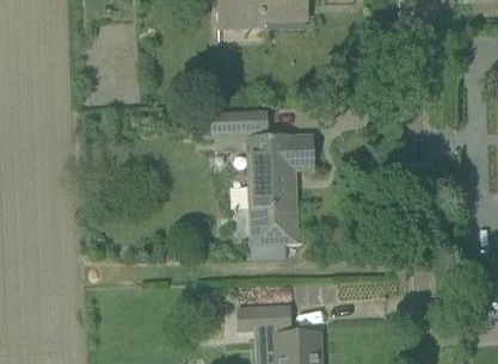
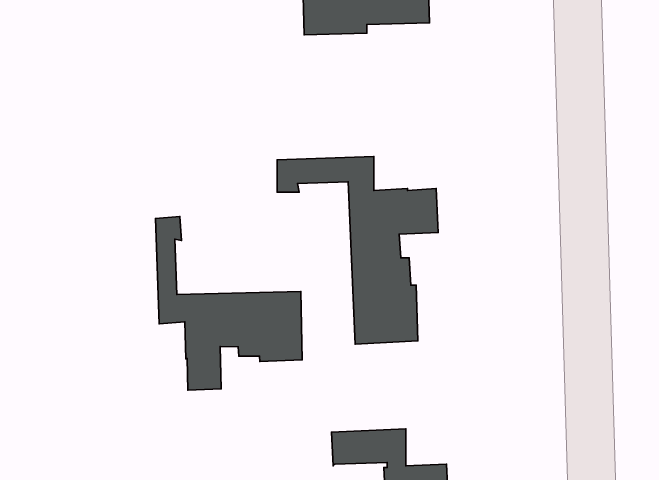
building: none -> [156,216,302,390]

